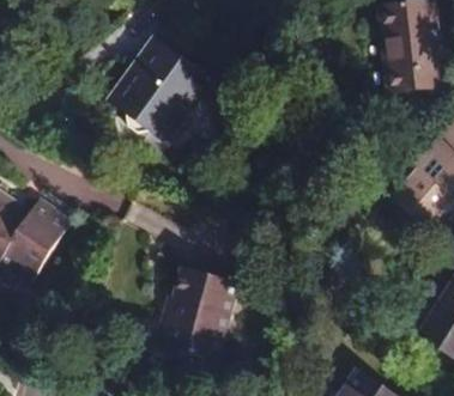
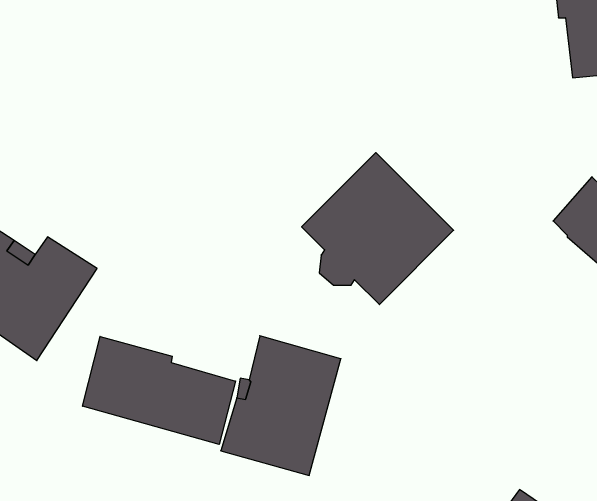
building: [119,51,222,154] -> [302,153,454,305]
building: none -> [83,336,236,444]

